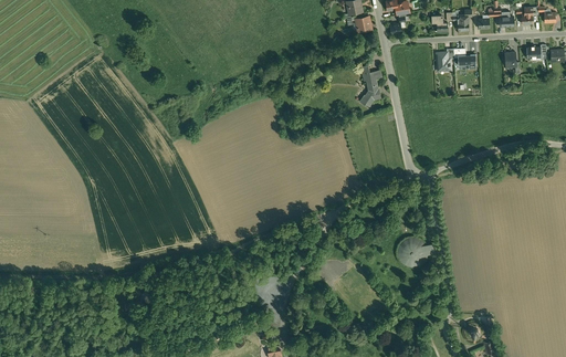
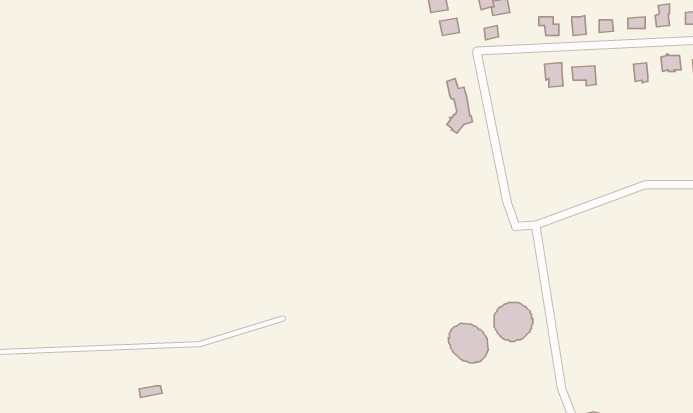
building: none -> [448,323,488,363]

